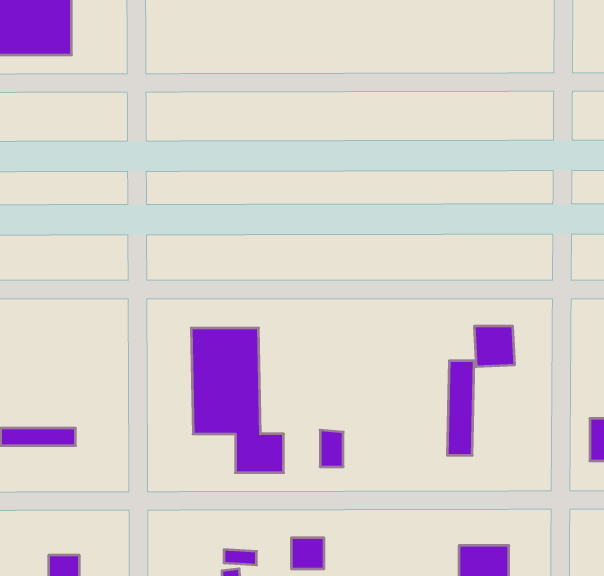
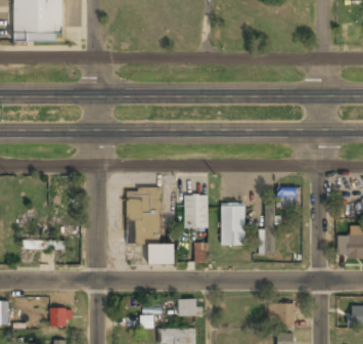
building: none -> [184,194,208,228]
building: none -> [221,204,245,245]

